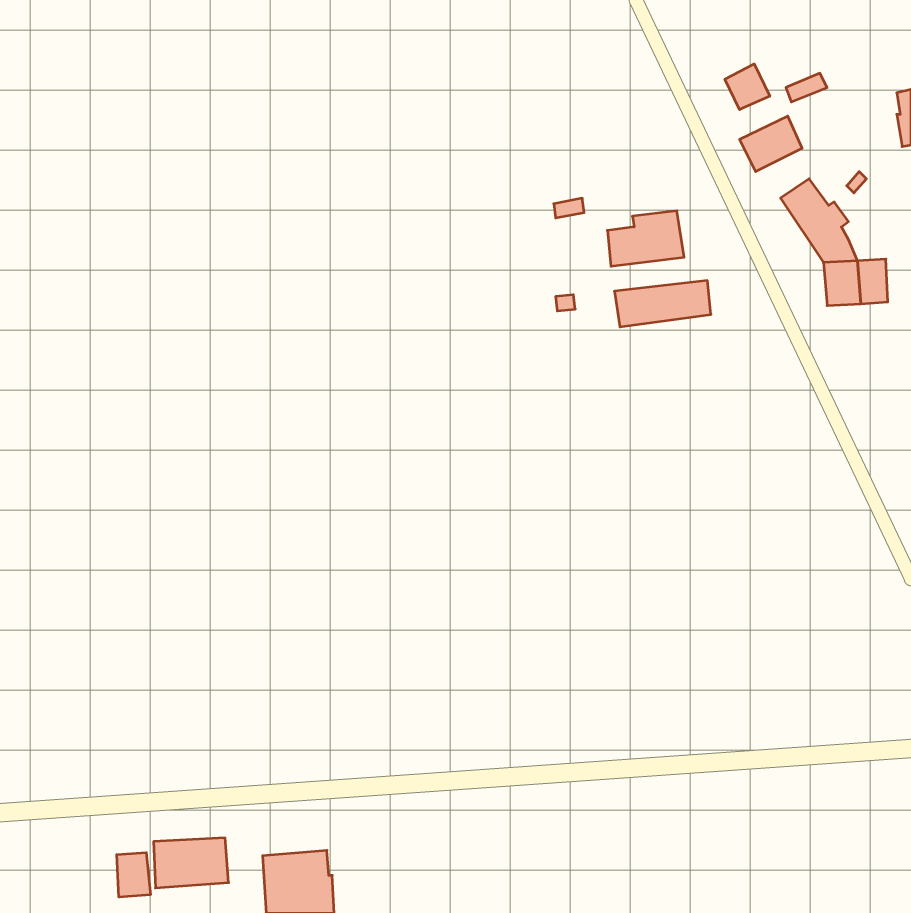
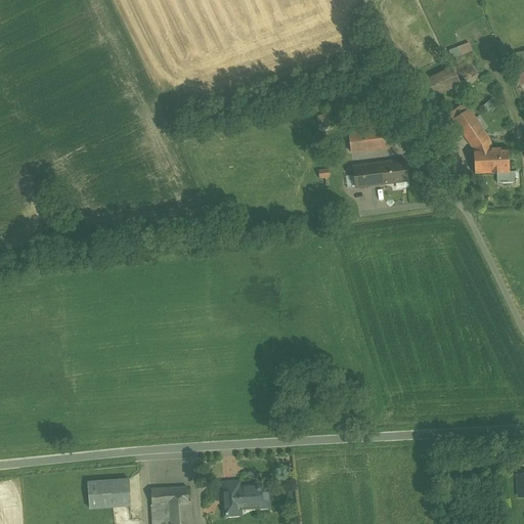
building: [725,64,770,110] -> none
building: none -> [222,482,269,508]
building: [117,853,150,897] -> none

